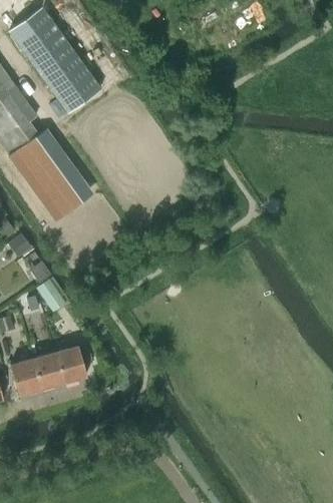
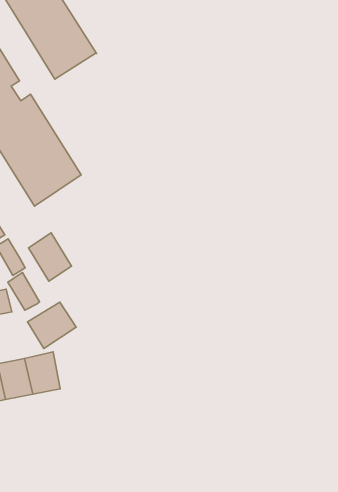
building: none -> [29,233,72,281]
building: none -> [27,302,76,349]

